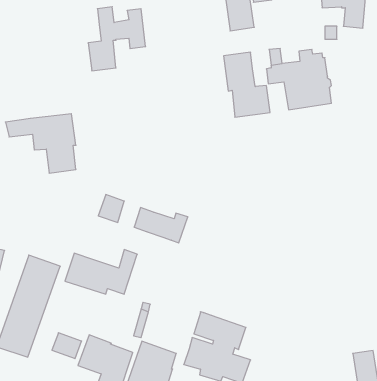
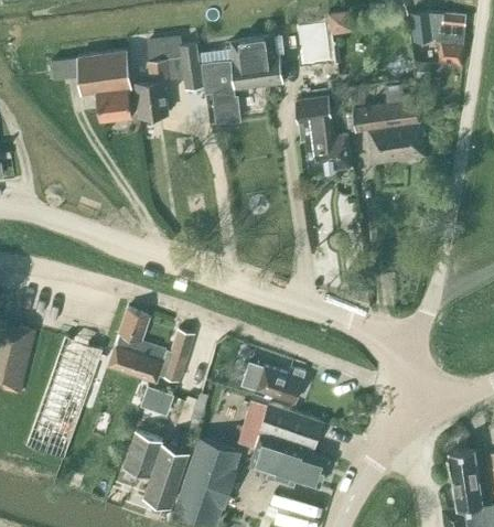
building: none -> [202,36,282,125]
building: [5,114,76,173] -> [49,51,132,121]
building: [98,195,124,222] -> [119,308,150,341]
building: [134,208,188,243] -> [241,361,305,402]
building: none -> [238,398,284,447]
building: [52,333,82,359] -> [140,384,175,415]

